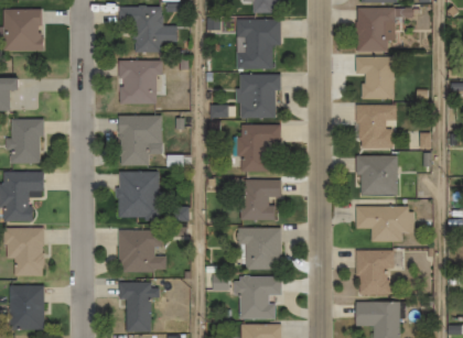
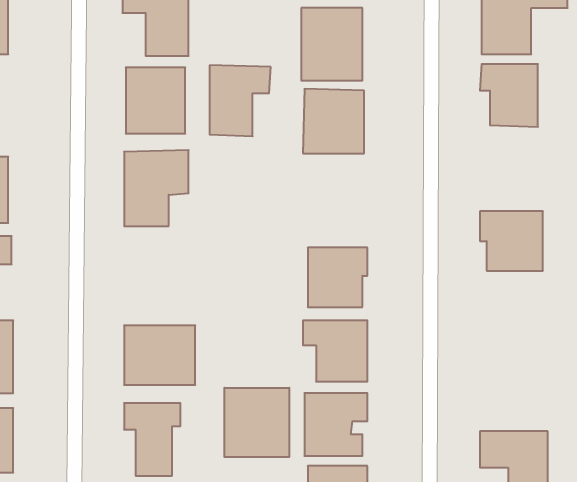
building: [357,105,397,148] -> none
building: [240,123,281,171] -> [210,65,271,136]
building: [118,171,160,217] -> none
building: [356,206,414,241] -> none
building: [357,250,392,293] -> none
building: none -> [224,388,289,457]

